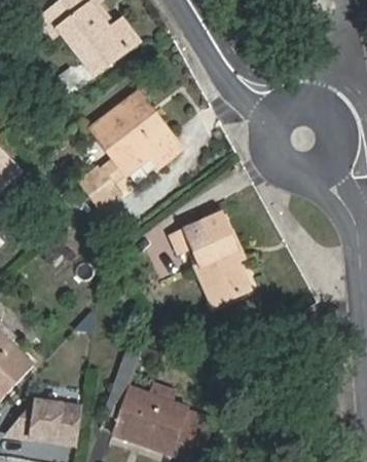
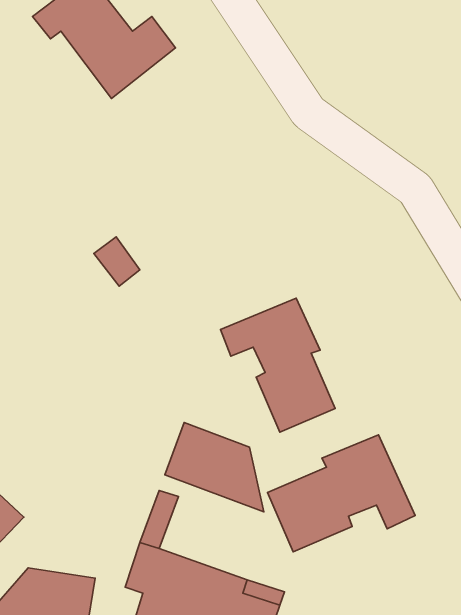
building: [89,90,180,174] -> none
building: none -> [165,423,264,512]
building: none -> [268,435,415,552]

